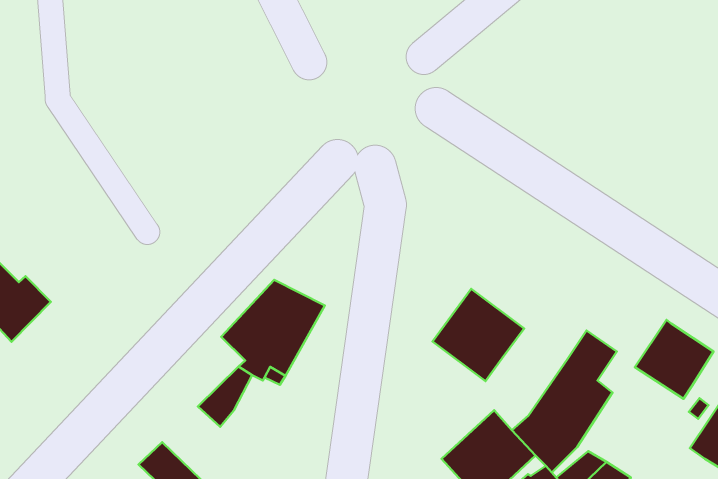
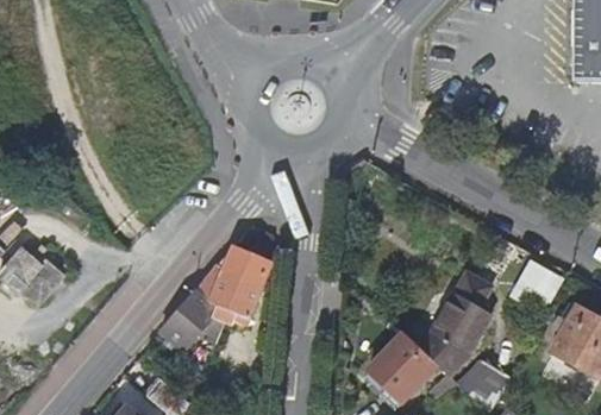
building: [433,289,524,381] -> none
building: none -> [163,289,215,342]

